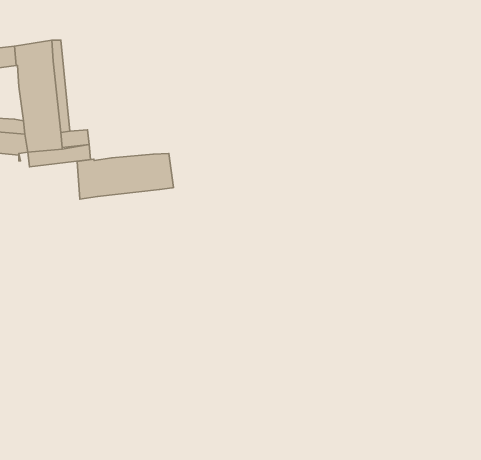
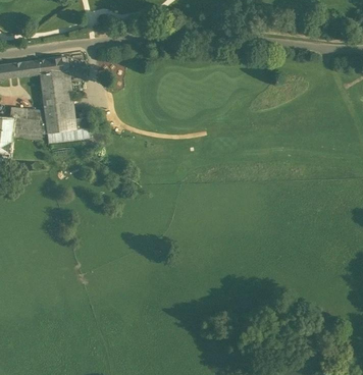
building: [77,153,173,199] -> none

